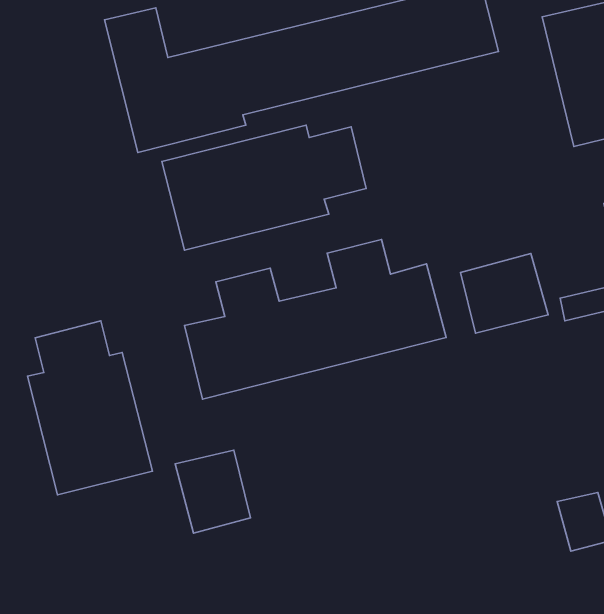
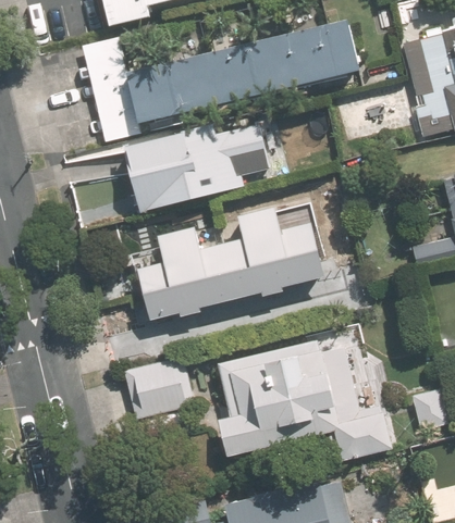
building: [460,254,548,333] -> none
building: [27,321,152,495] -> none
building: none -> [221,332,394,460]

